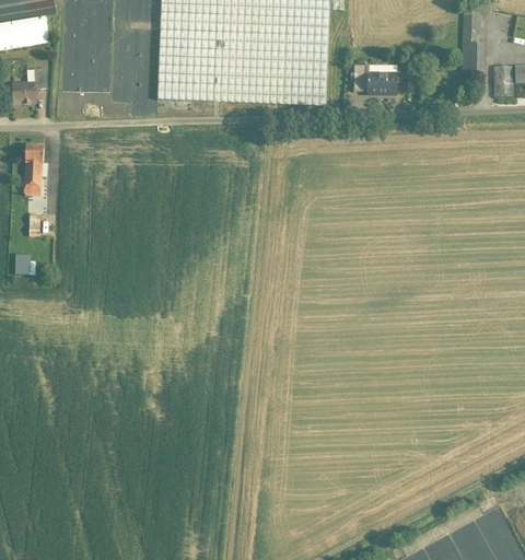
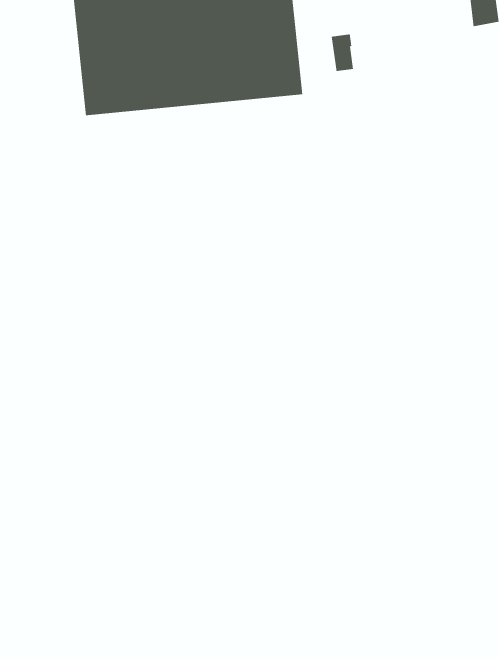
building: [368,62,397,92] -> none

